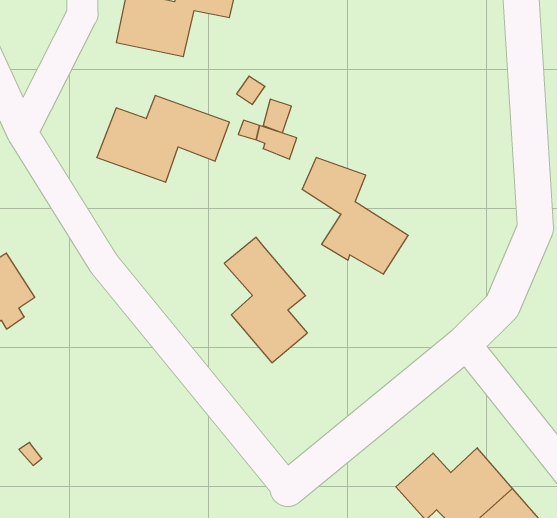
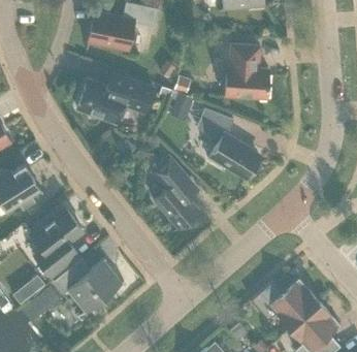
building: none -> [226,44,269,99]
building: none -> [31,209,84,278]
building: none -> [54,259,125,313]

